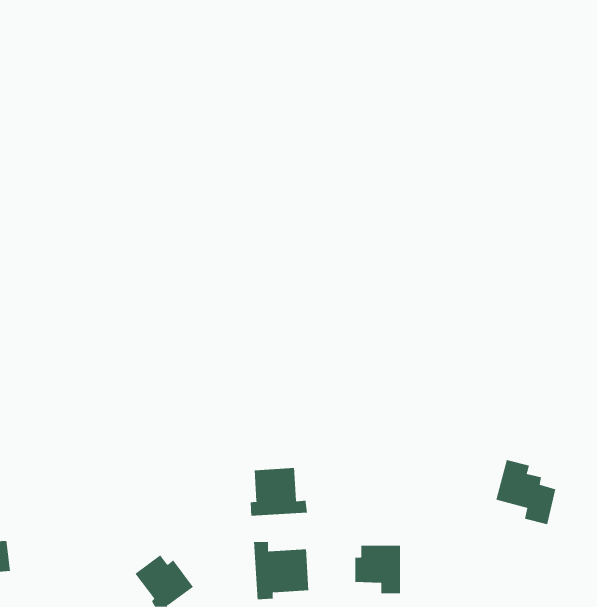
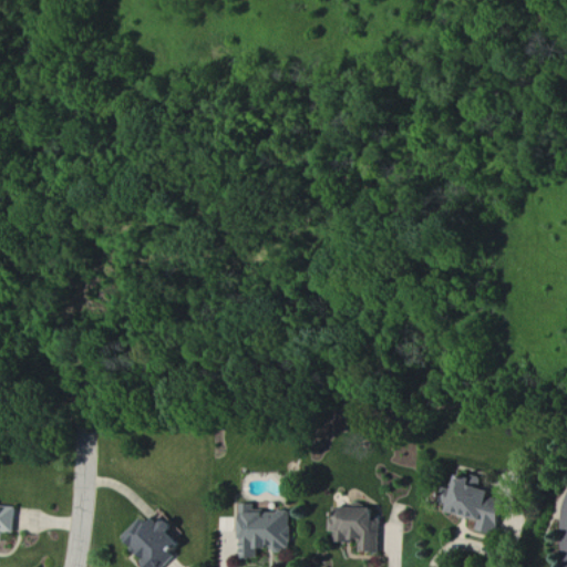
building: [495,459,556,525] -> [444,474,501,535]
building: [250,467,307,517] -> none

